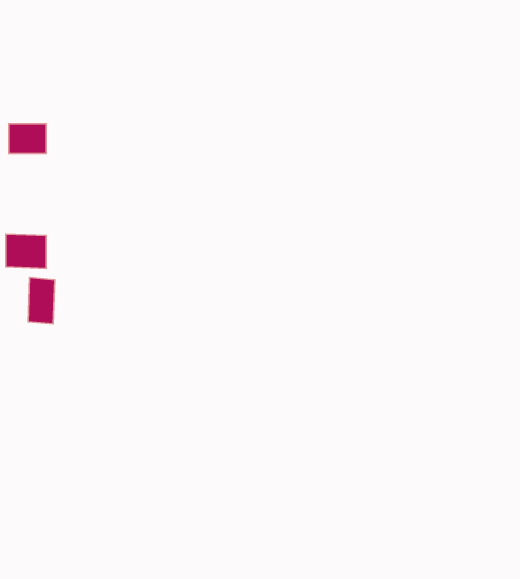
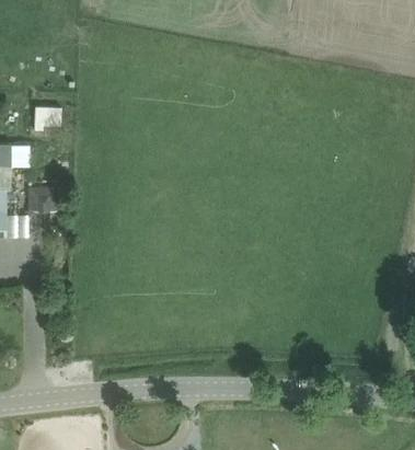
building: [28,277,55,324] -> none

